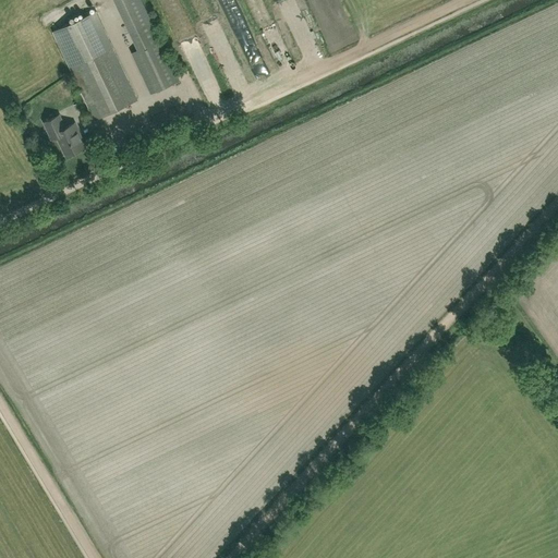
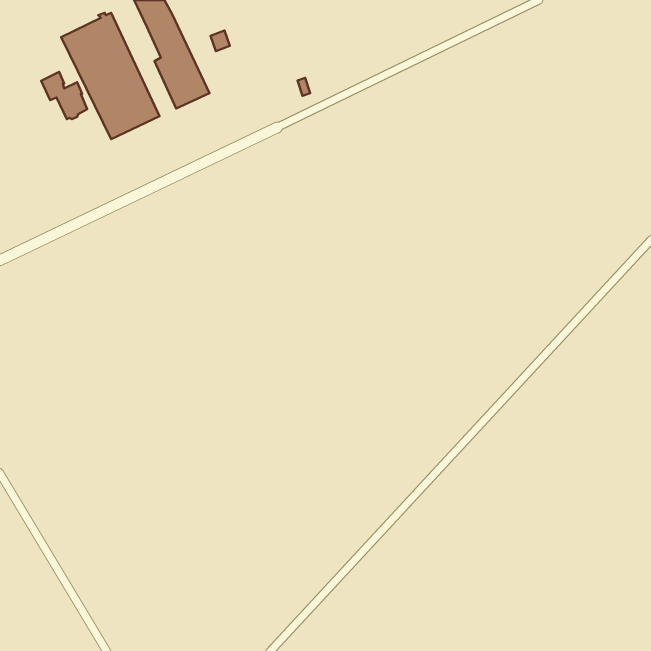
building: [44,116,83,156] -> [41,72,87,119]

